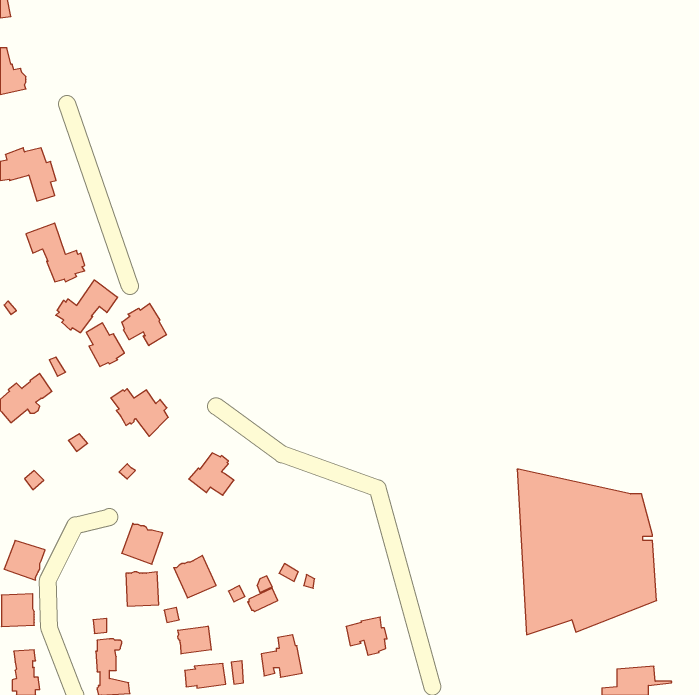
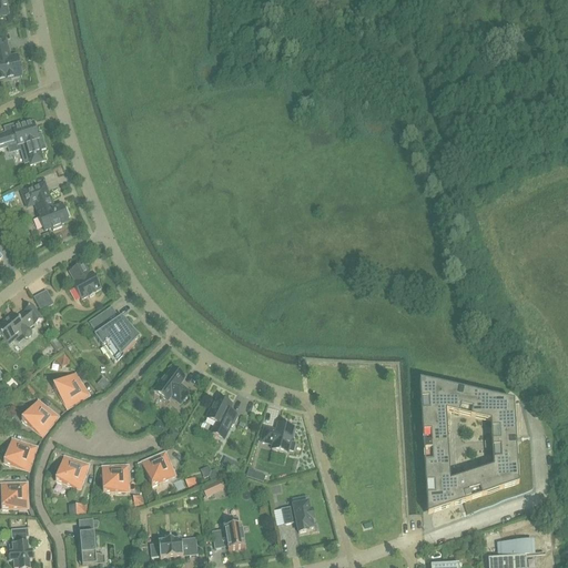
building: [56,280,118,333] -> none
building: [122,303,166,346] -> none
building: none -> [53,372,89,408]
building: none -> [206,396,234,437]
building: none -> [22,399,59,436]
building: none -> [261,419,295,452]
building: [122,523,163,564] -> [55,455,89,488]
building: [178,626,211,654] -> none

